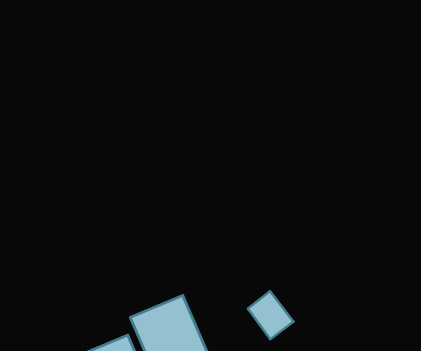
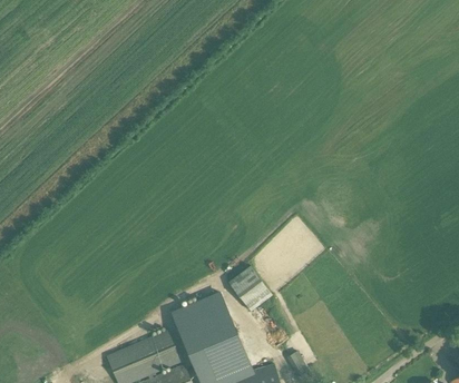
building: [248,291,294,339] -> [227,265,271,311]

